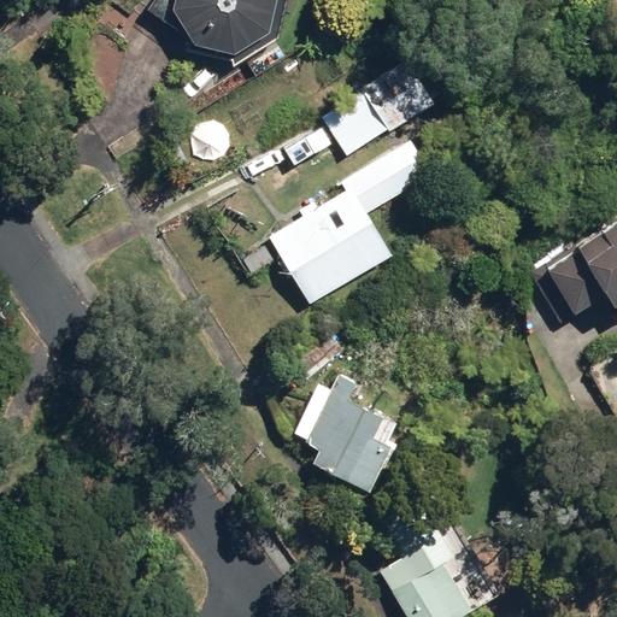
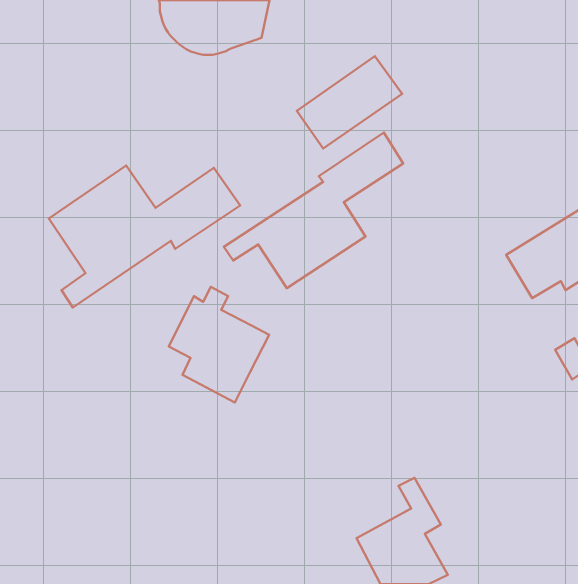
building: none -> [49,166,240,308]
building: [294,372,400,494] -> [169,287,269,402]

